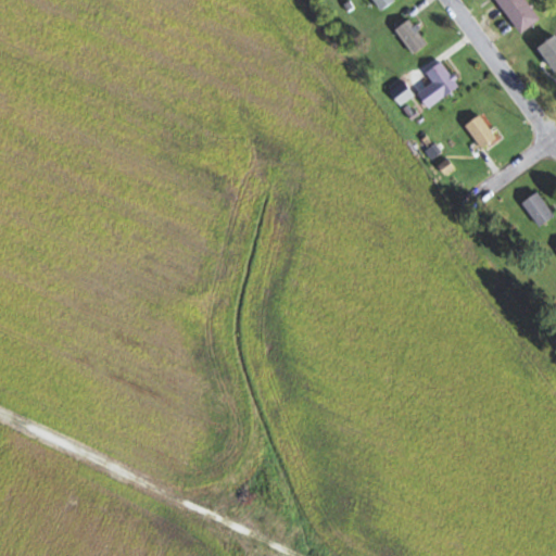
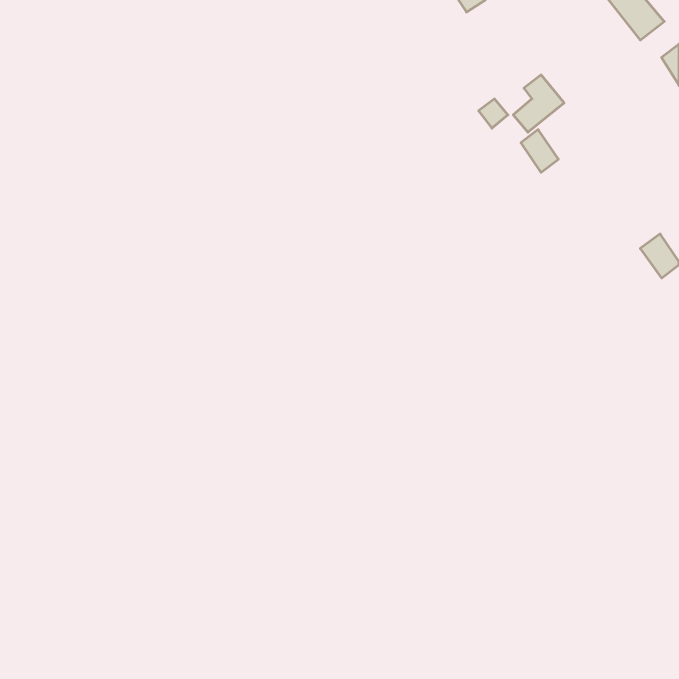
building: [394,18,427,53] -> none
building: [465,114,495,149] -> [521,130,558,172]

